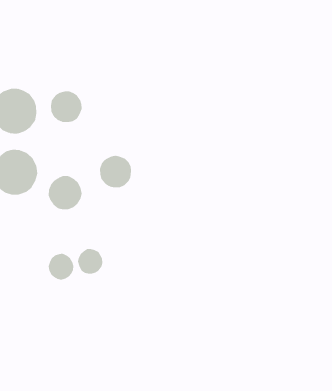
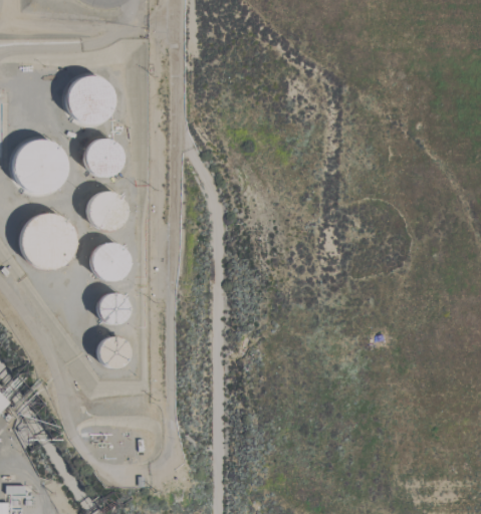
building: none -> [65,74,112,122]
building: [99,155,132,188] -> [86,191,127,231]
building: [77,248,103,274] -> [96,292,129,323]

